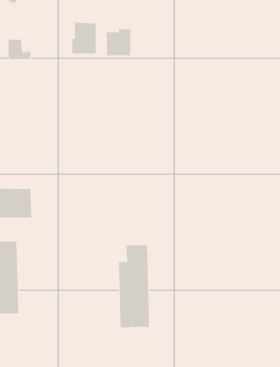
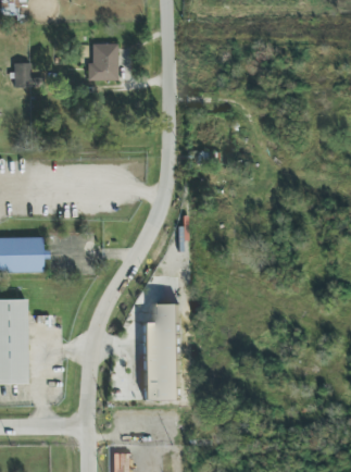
building: [106,29,131,56] -> none

